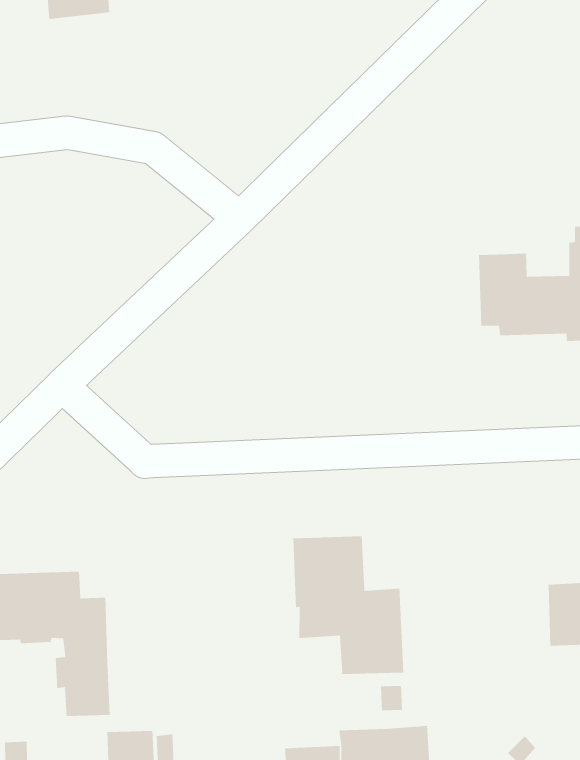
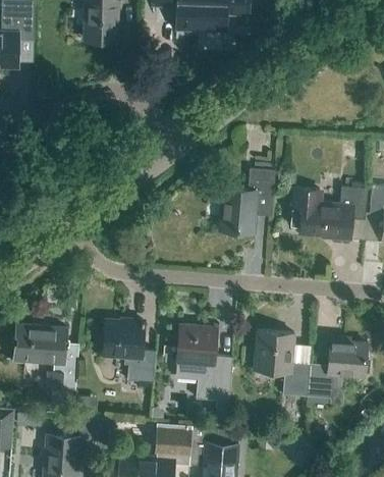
building: none -> [220,169,275,232]
building: none -> [255,331,311,398]
building: none -> [104,321,157,383]

